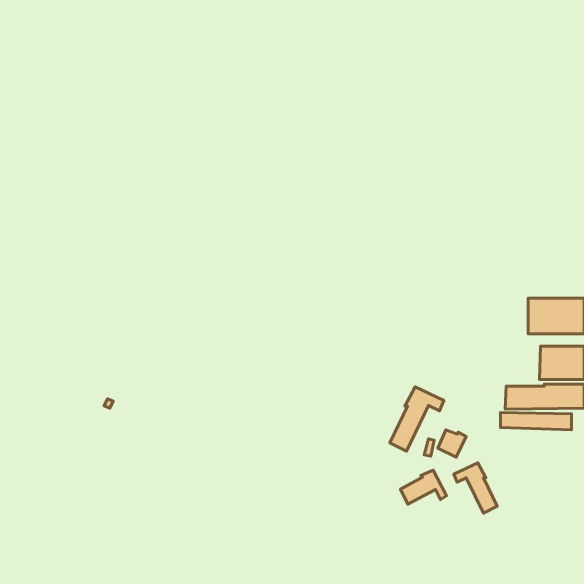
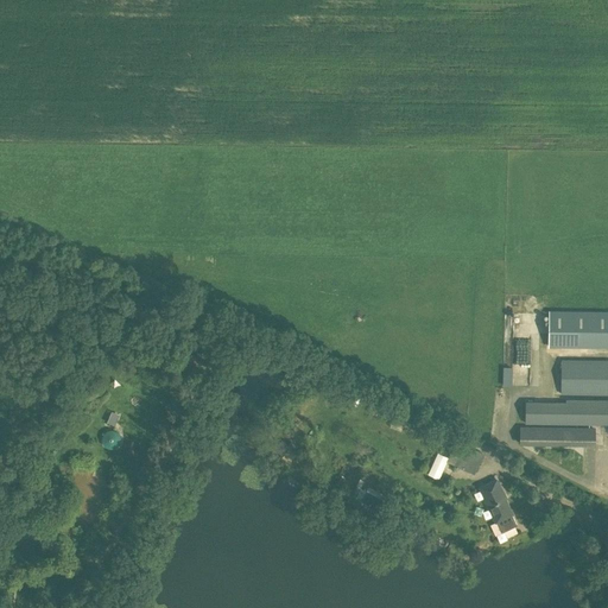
building: [390,387,444,451] -> none
building: [400,470,446,504] -> none

